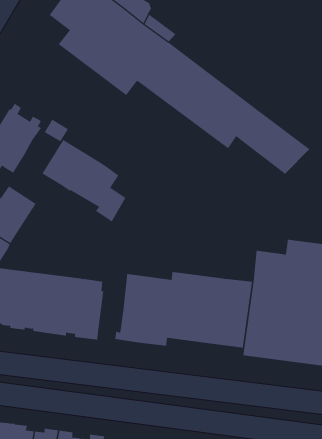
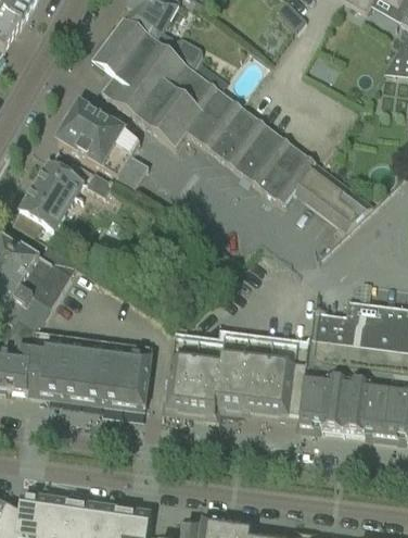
building: [42,139,126,222] -> [56,103,148,192]

